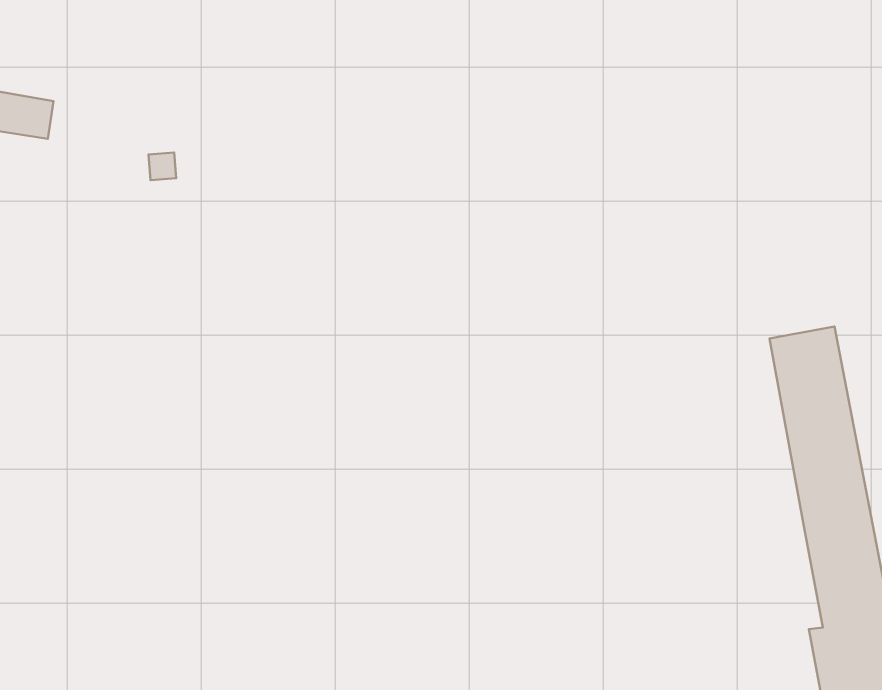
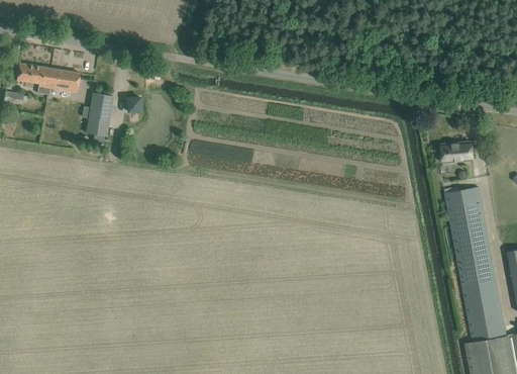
building: none -> [87,93,112,135]
building: none -> [441,143,474,163]

